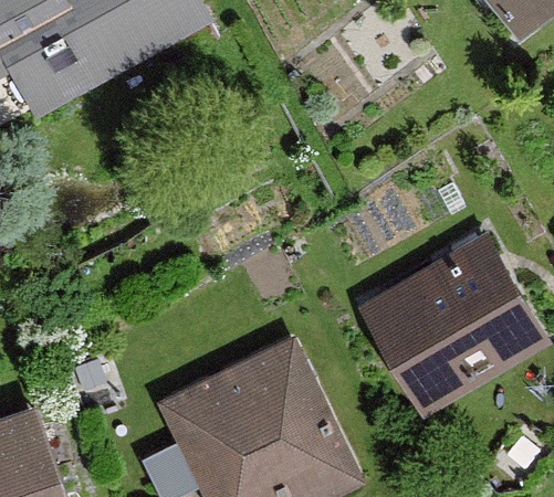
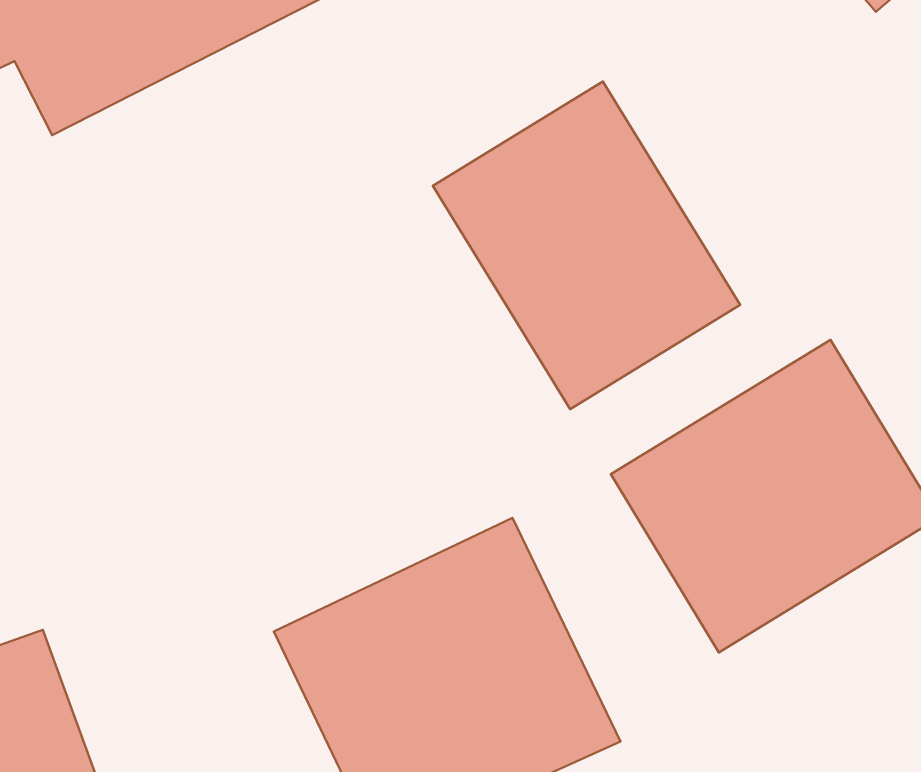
building: none -> [433,82,740,409]

